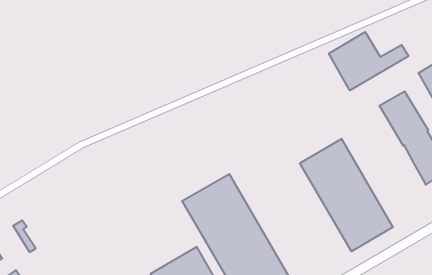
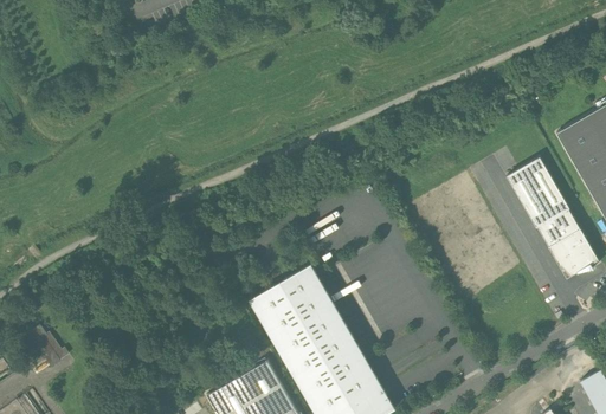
building: [329,32,408,90] -> none
building: [300,139,393,251] -> none

